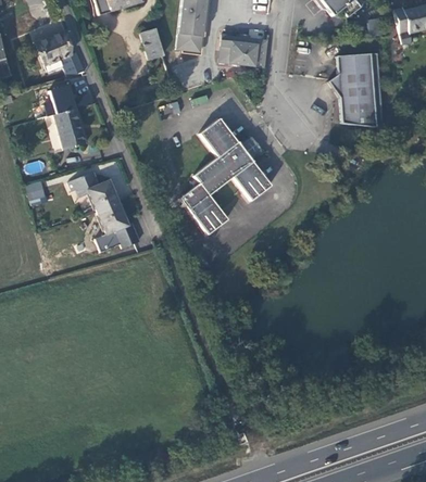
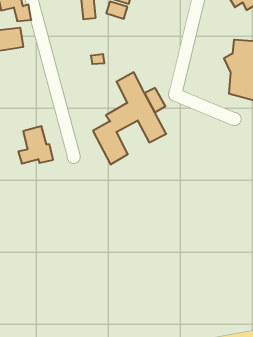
building: [220,34,266,66] -> none
building: [55,106,88,148] -> none
building: [67,169,116,210] -> none

